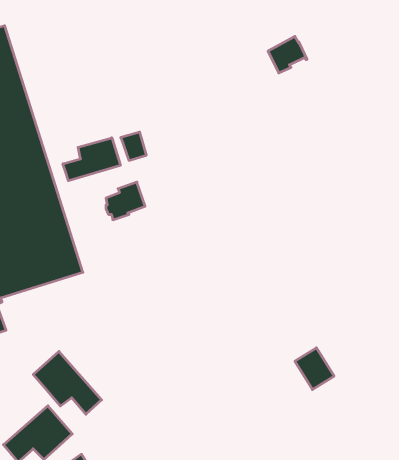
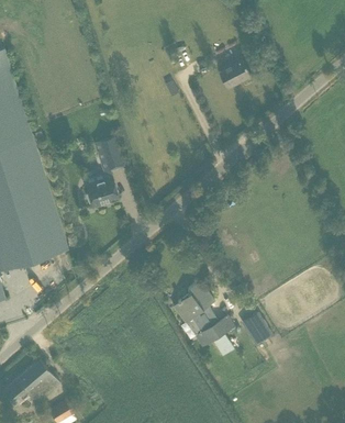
building: [63,138,120,181] -> none
building: none -> [172,281,234,357]
building: [33,351,102,414] -> none

